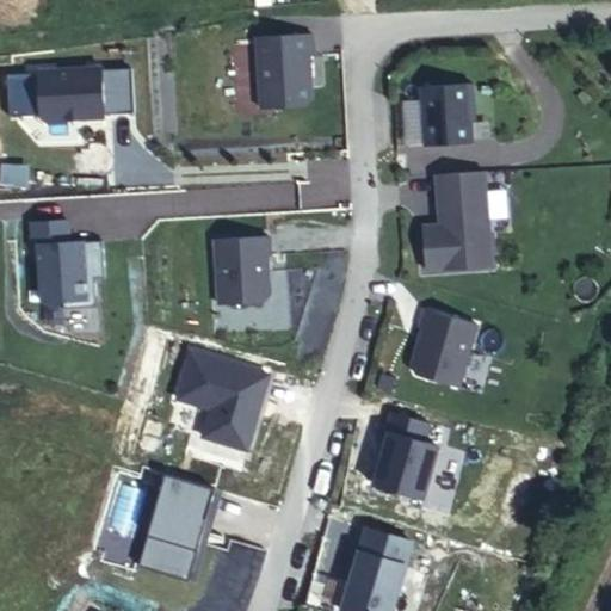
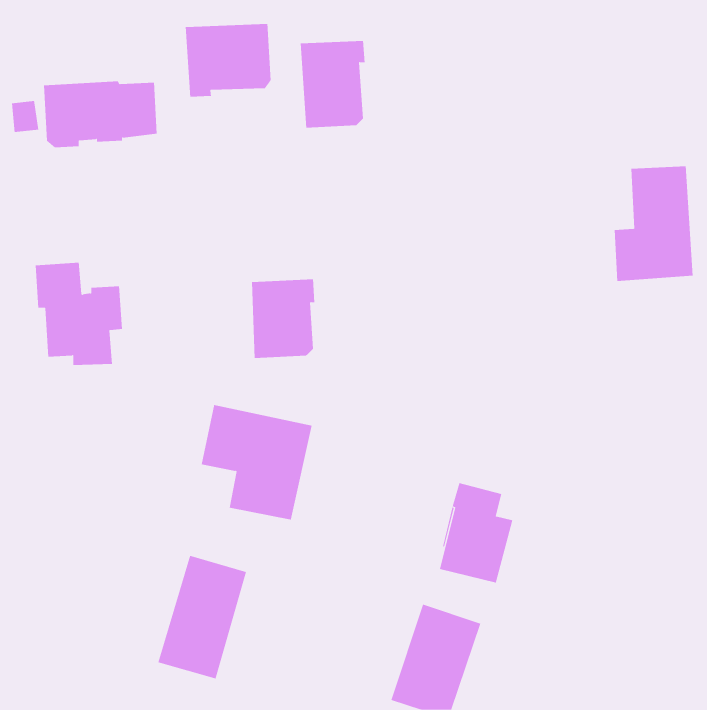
building: none -> [185,23,271,98]
building: [422,85,475,147] -> none
building: [422,173,490,272] -> [614,166,693,281]
building: [412,308,477,387] -> none

